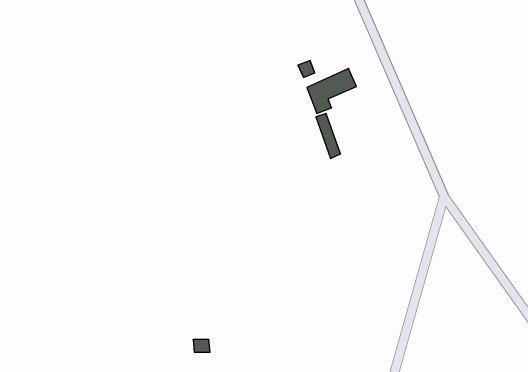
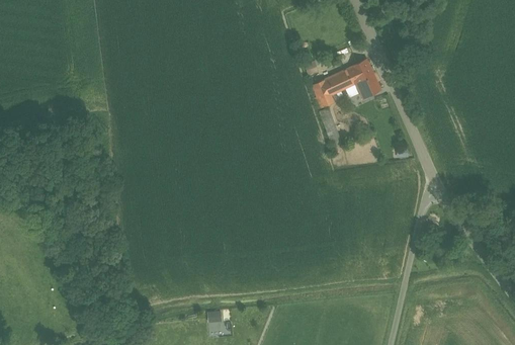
building: none -> [348,58,379,96]

